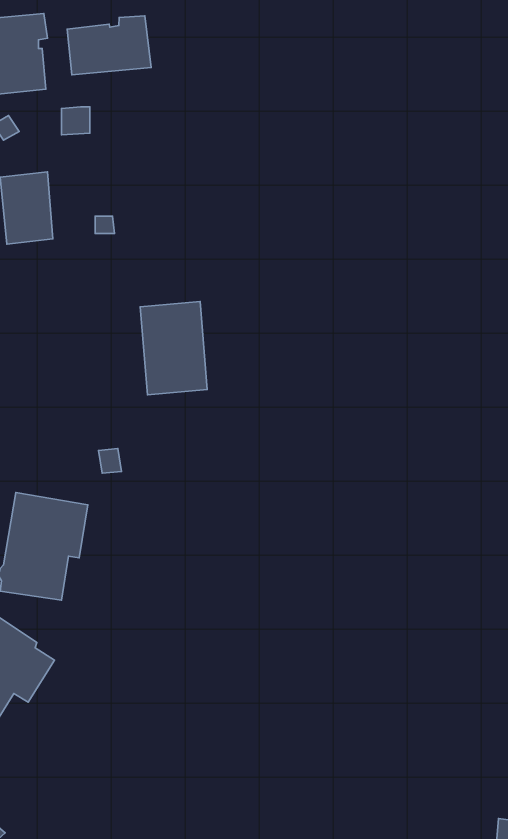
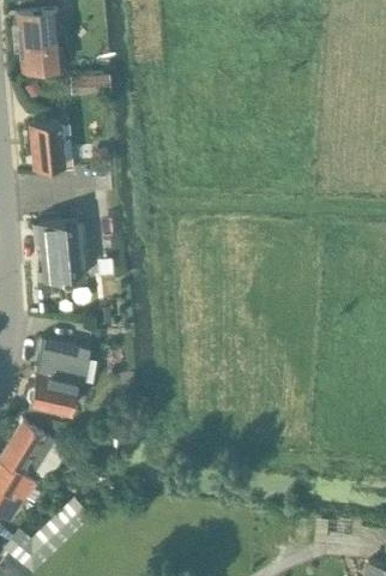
building: [67,16,151,75] -> none
building: [140,301,207,395] -> [38,221,84,284]

